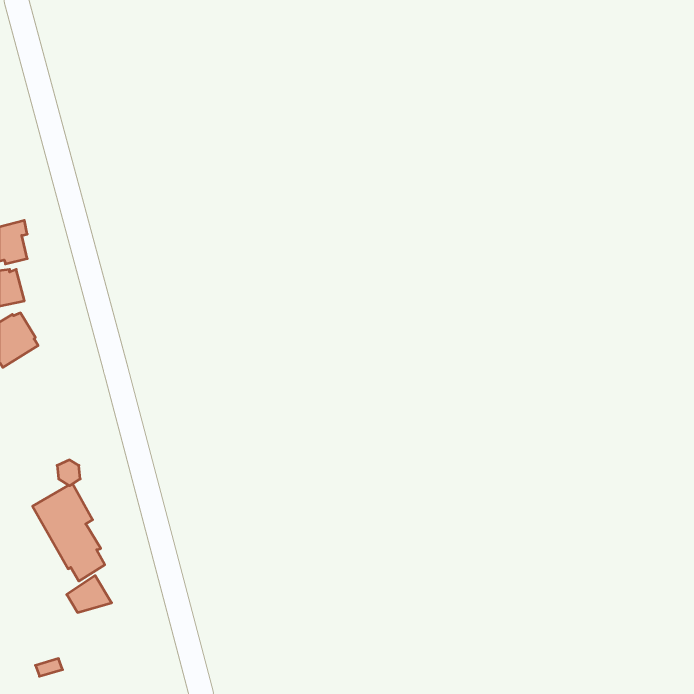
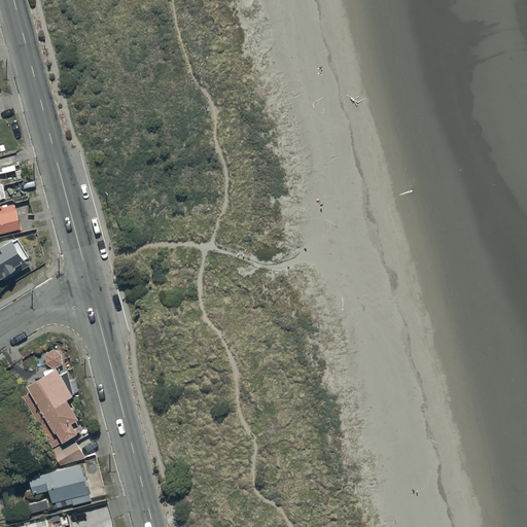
building: none -> [29,464,90,506]

